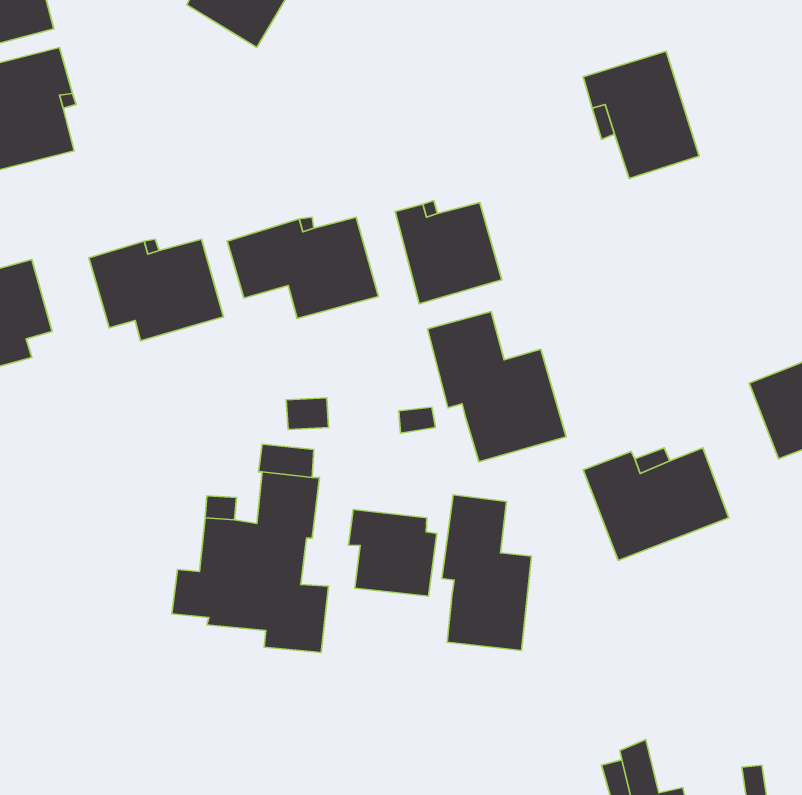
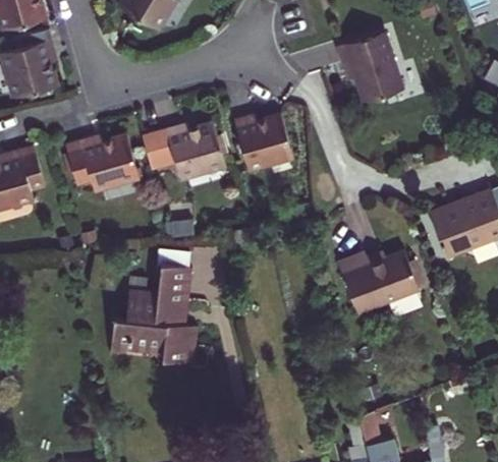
building: [428,312,566,462] -> none
building: [442,495,531,650] -> none
building: [348,510,437,596] -> none

